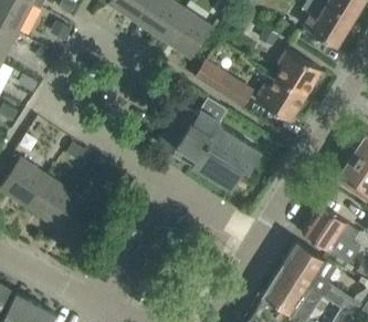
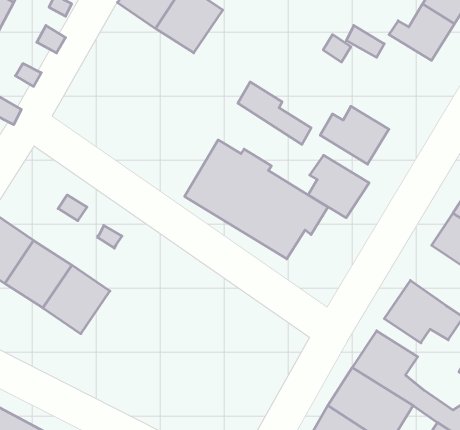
building: [164,10,212,60] -> none
building: [277,51,322,96] -> [308,155,369,218]

